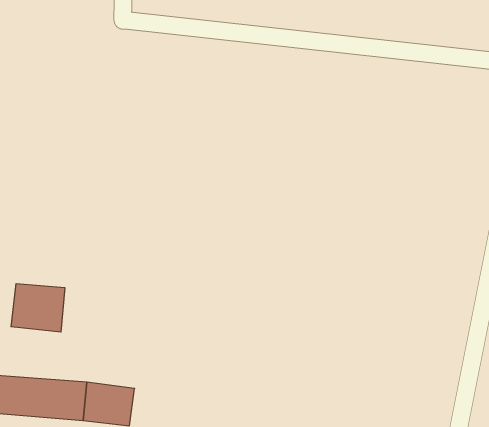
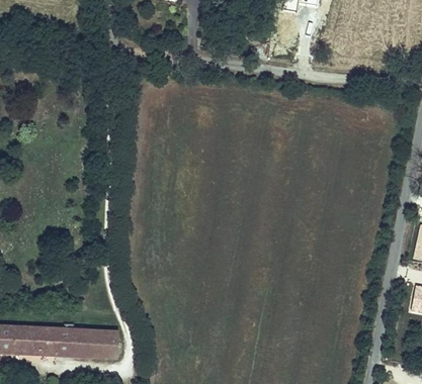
building: [11,284,65,332] -> none

